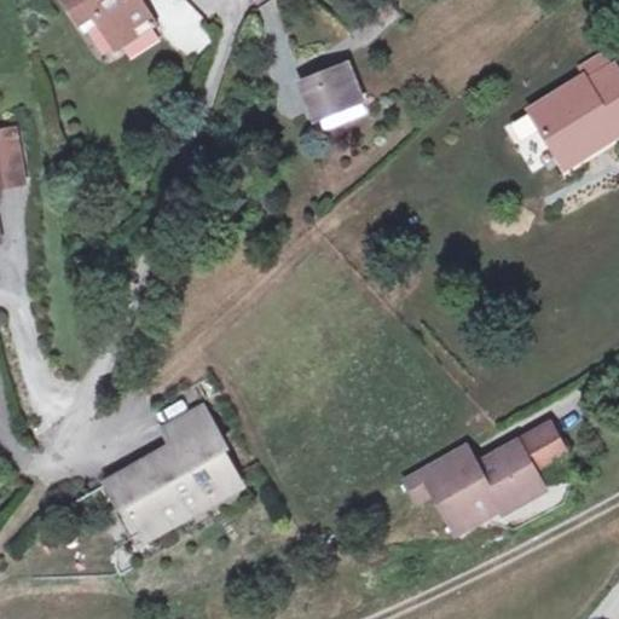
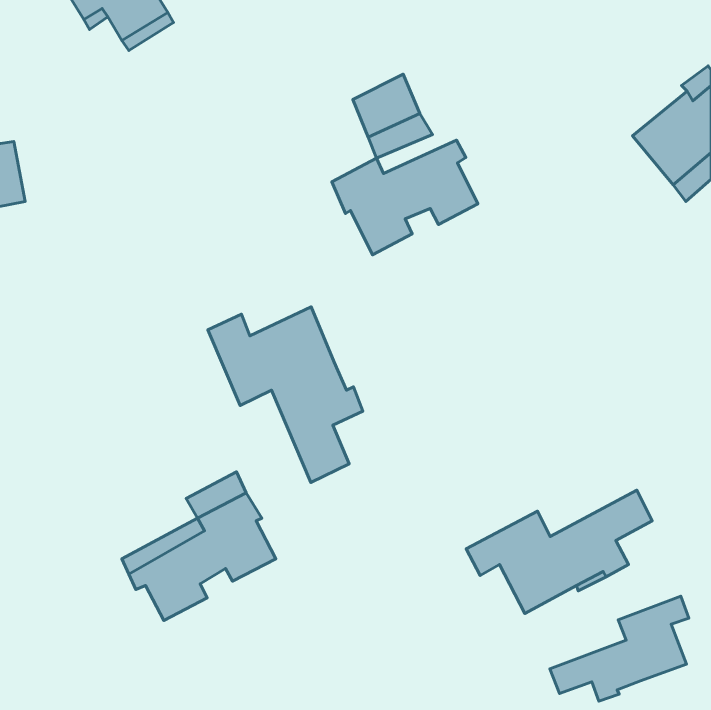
building: none -> [332,140,478,255]
building: none -> [208,307,363,482]
building: none -> [550,596,689,701]

